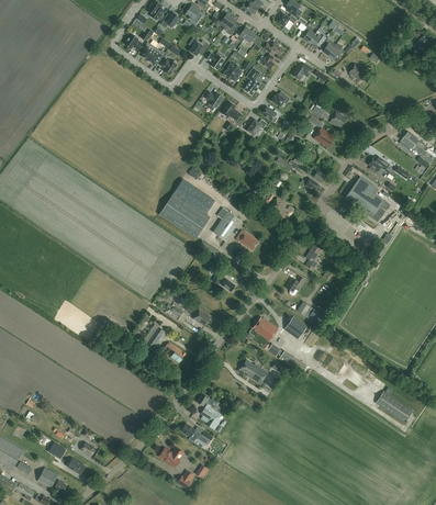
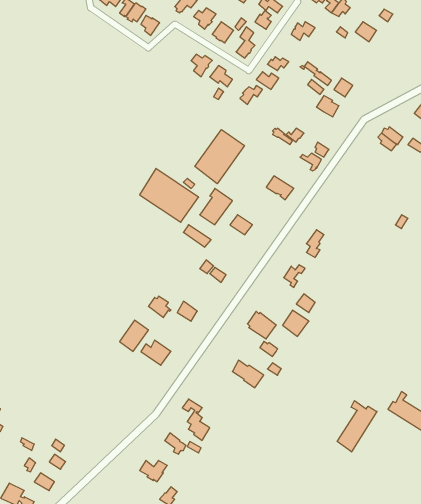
building: none -> [195,130,244,184]
building: [345,177,390,221] -> none
building: none -> [337,401,377,452]

